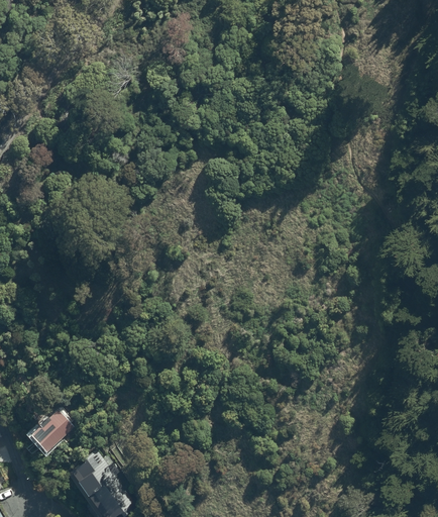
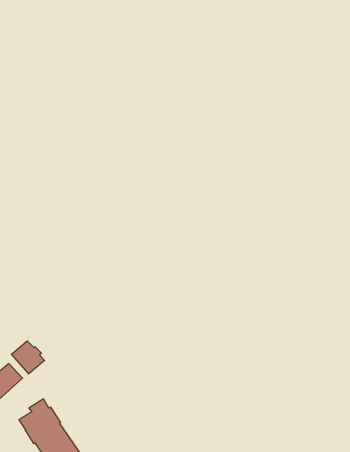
building: none -> [11,341,45,374]

